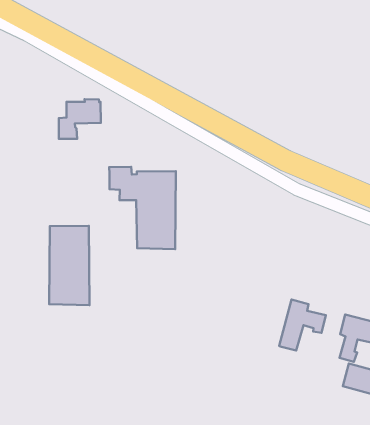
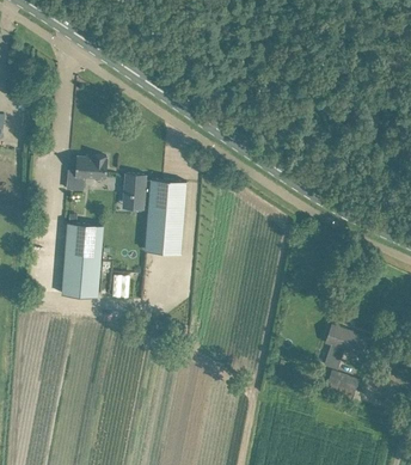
building: [59,99,101,139] -> [67,155,108,191]
building: [279,299,326,351] -> none

